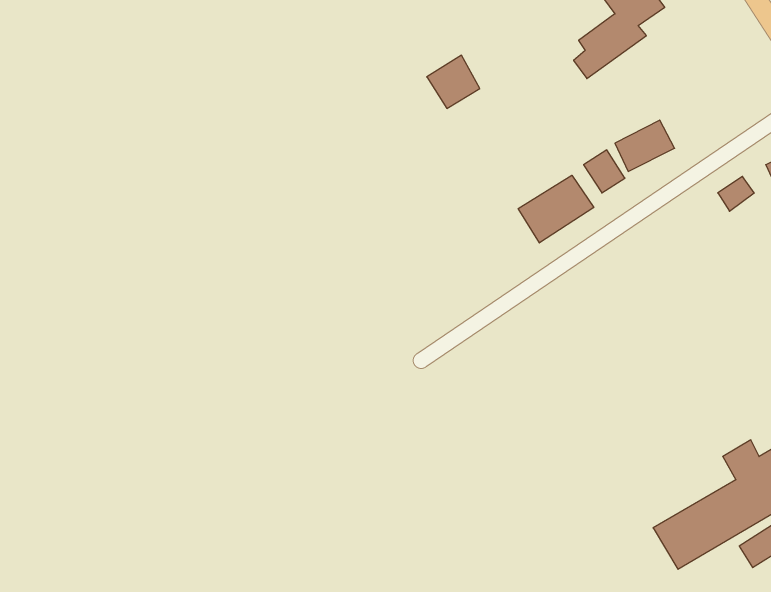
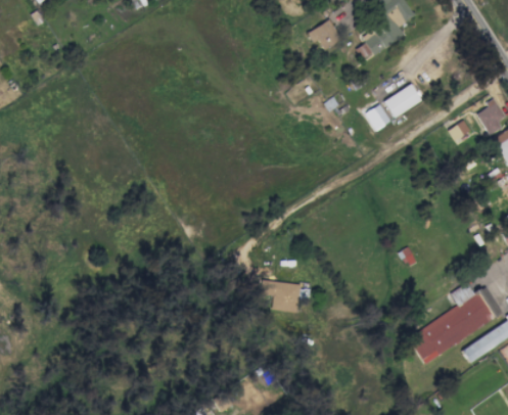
building: [427,55,480,108] -> [310,18,342,51]
building: [518,175,594,243] -> none
building: none -> [262,281,301,311]

